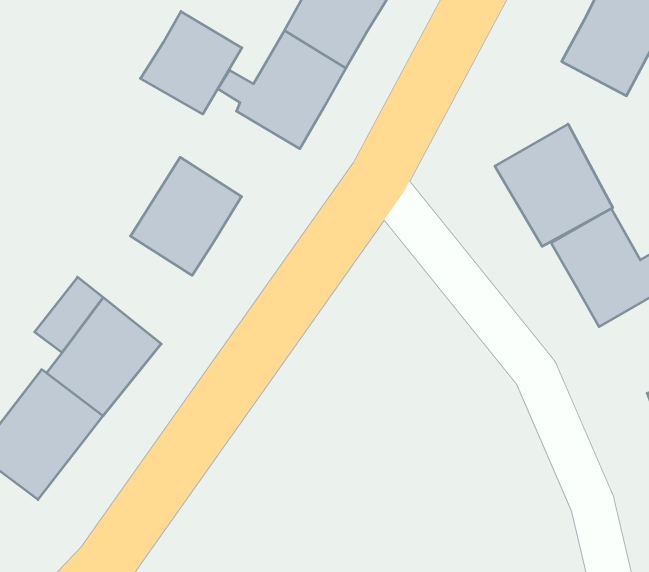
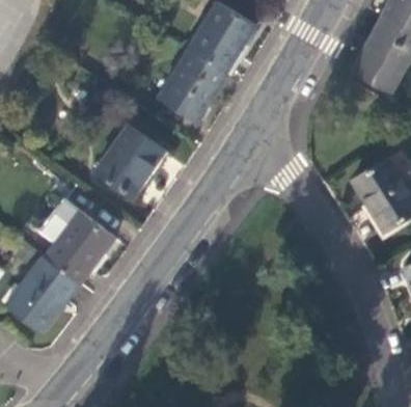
building: [140,11,242,114] -> none
building: [495,124,613,246] -> none

